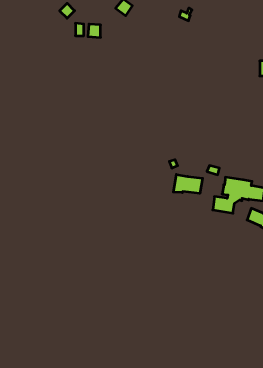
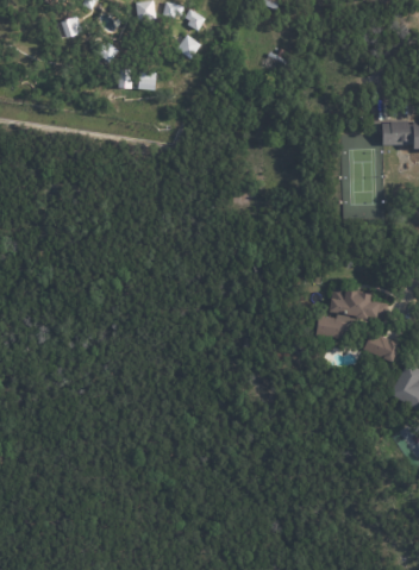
building: [173,174,203,193] -> none

